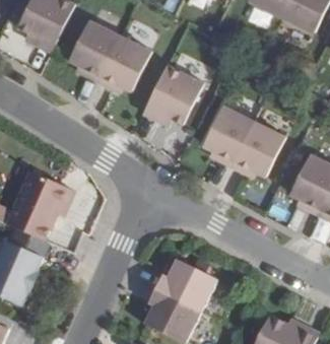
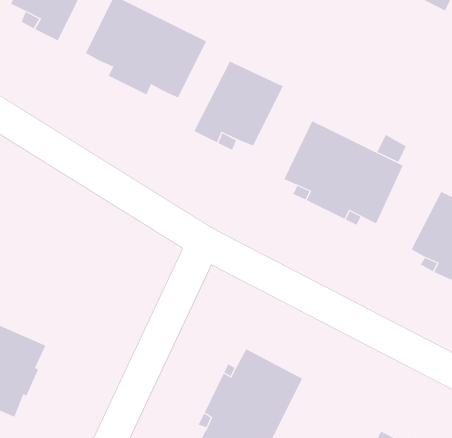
building: [22,179,78,245] -> none

